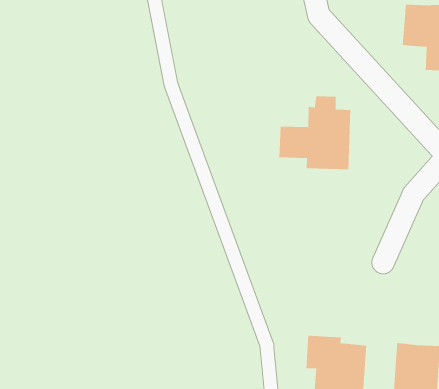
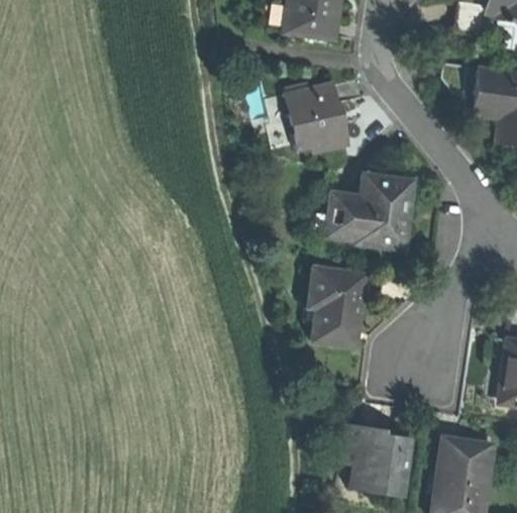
building: none -> [282,83,348,150]
building: none -> [308,268,360,344]

